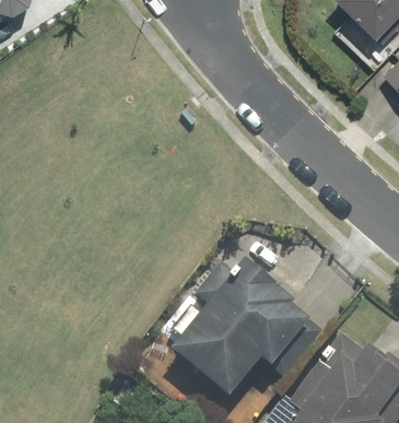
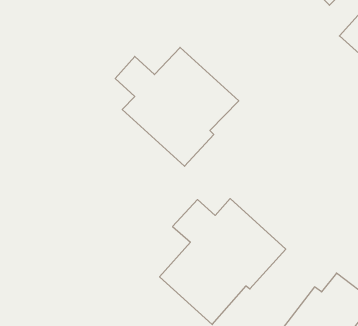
building: none -> [115,47,239,166]

